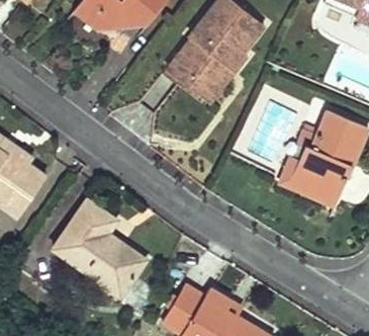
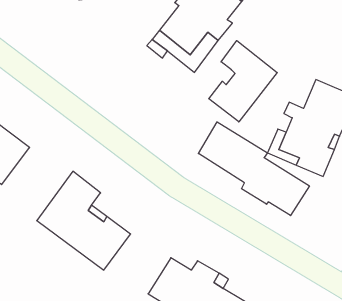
building: none -> [209,41,277,122]
building: none -> [198,122,309,216]

